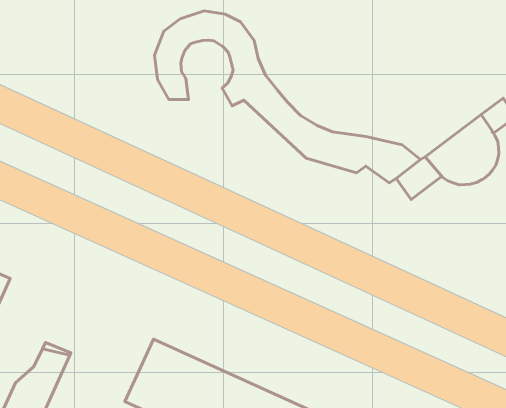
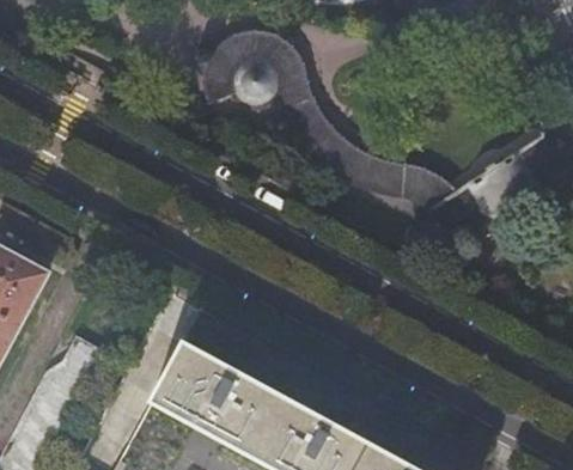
building: none -> [228,57,279,105]

